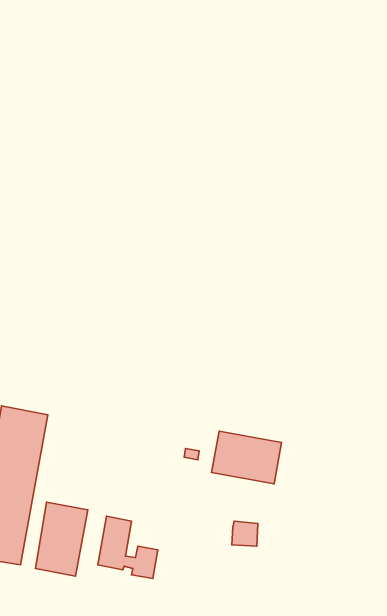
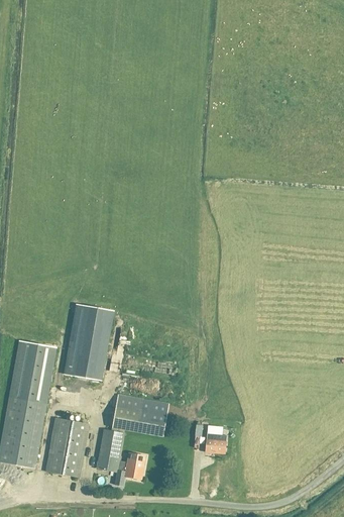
building: none -> [64,303,114,380]
building: [212,431,282,484] -> [112,394,168,436]

